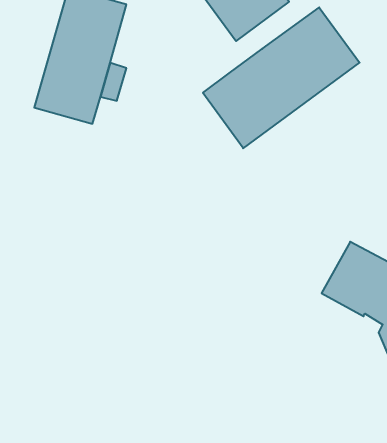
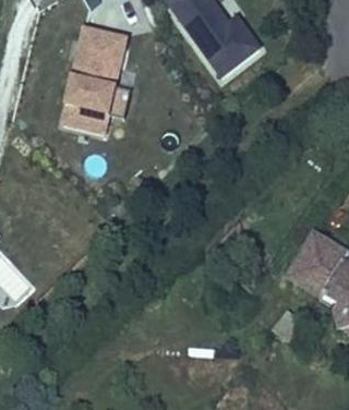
building: [203,7,360,148] -> none

